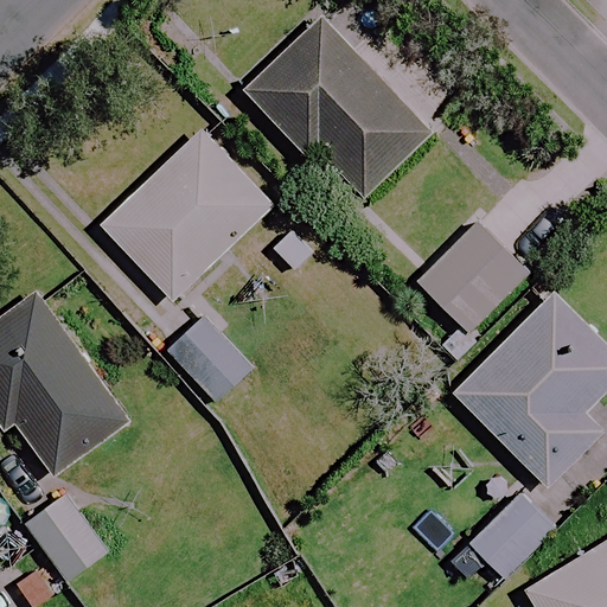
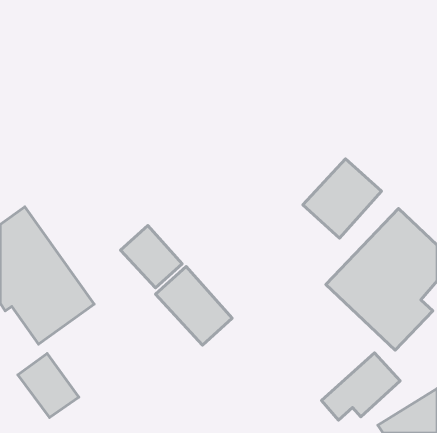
building: [242,15,433,198] -> none
building: [101,129,273,299] -> none
building: none -> [155,267,232,345]

